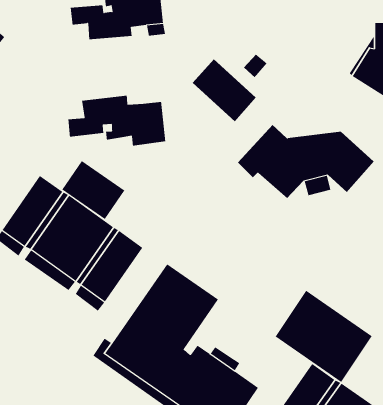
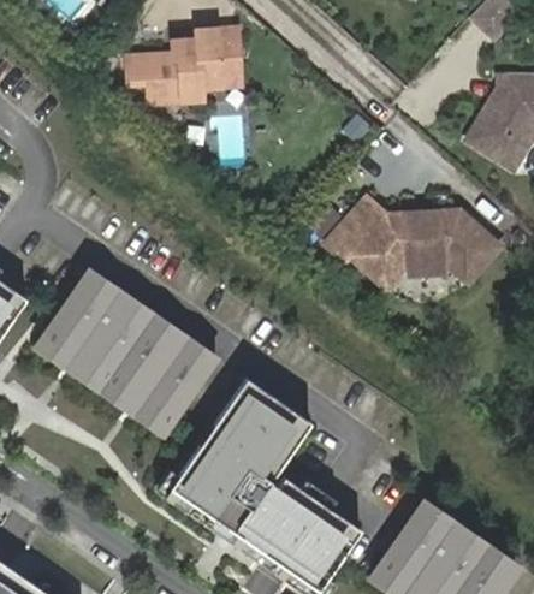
building: [192,58,257,122] -> none
building: [68,95,166,147] -> none
building: [62,160,125,220] -> none
building: [275,290,373,383] -> none

